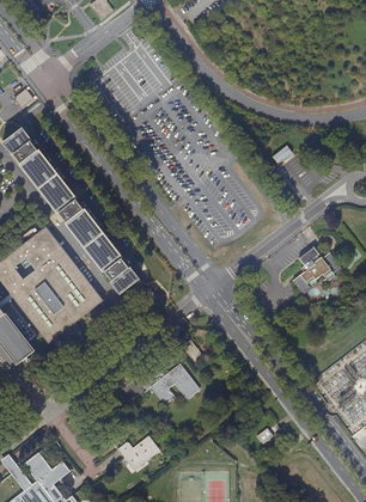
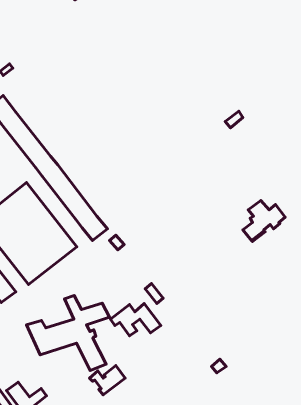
building: none -> [27,295,110,371]

